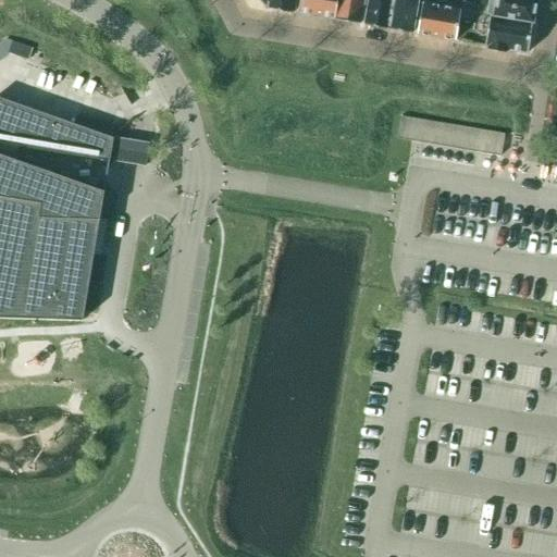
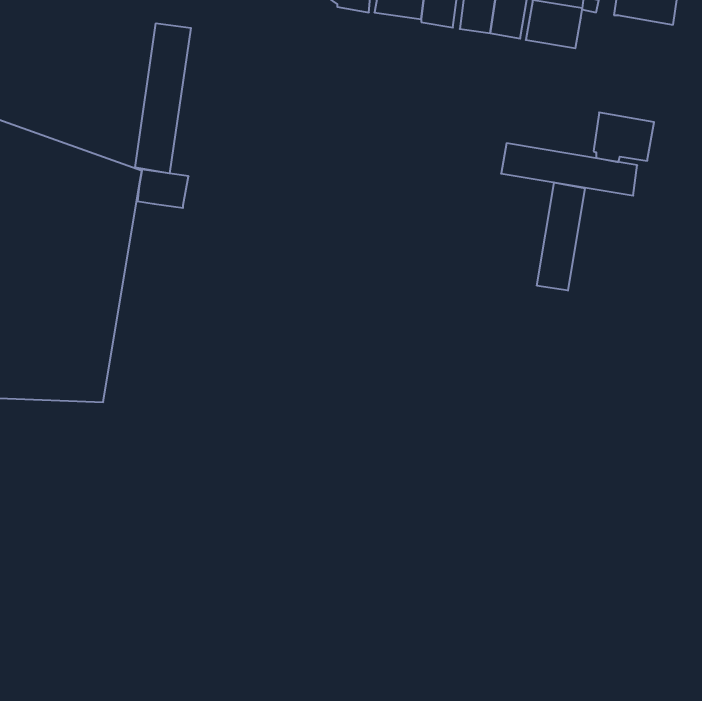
building: [484,12,532,51] -> [594,112,654,162]
building: none -> [135,23,191,173]
building: none -> [537,182,585,291]

